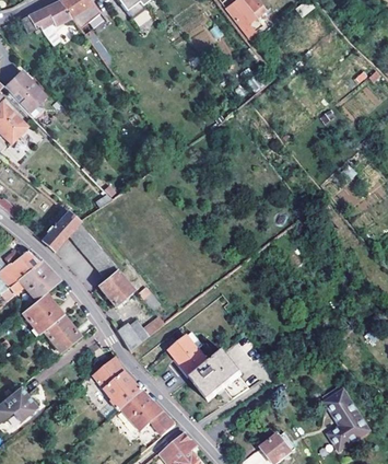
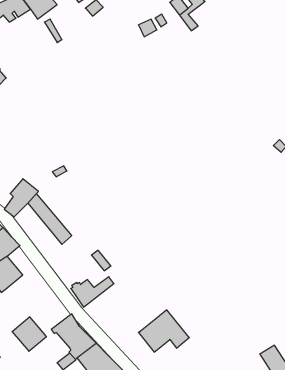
building: [98,271,132,305] -> none
building: [43,314,81,352] -> [12,317,46,351]
building: [171,335,211,378] -> none

